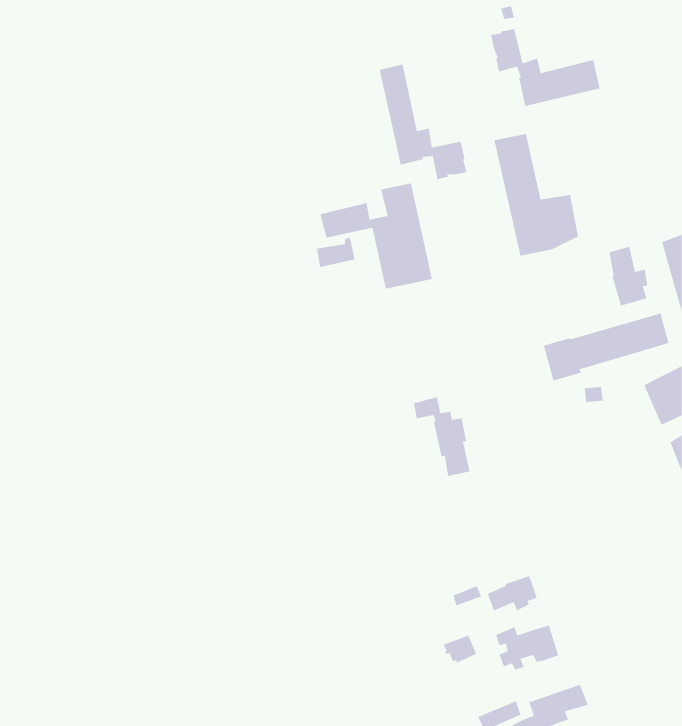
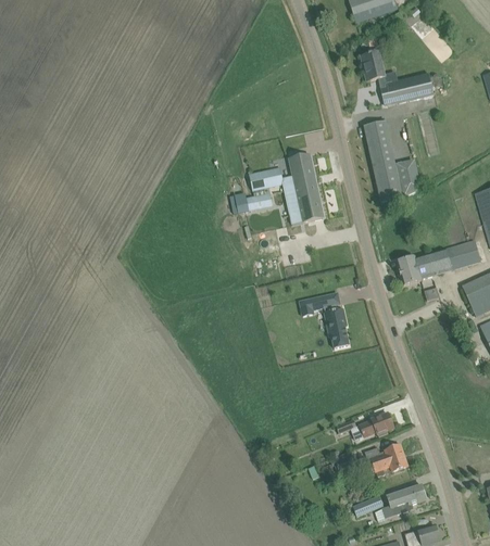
building: [379,63,467,180] -> none
building: [608,246,648,306] -> none

